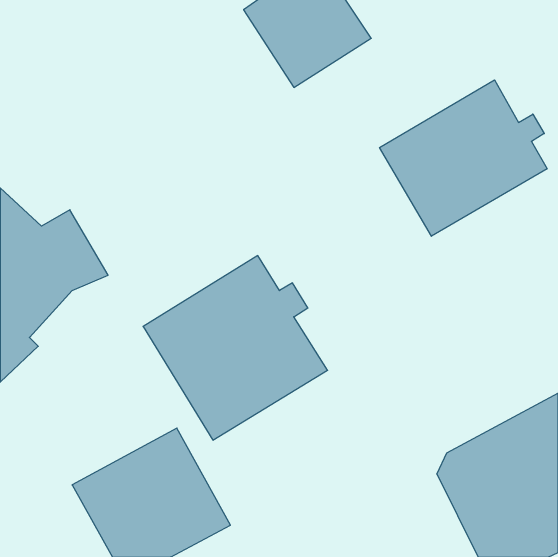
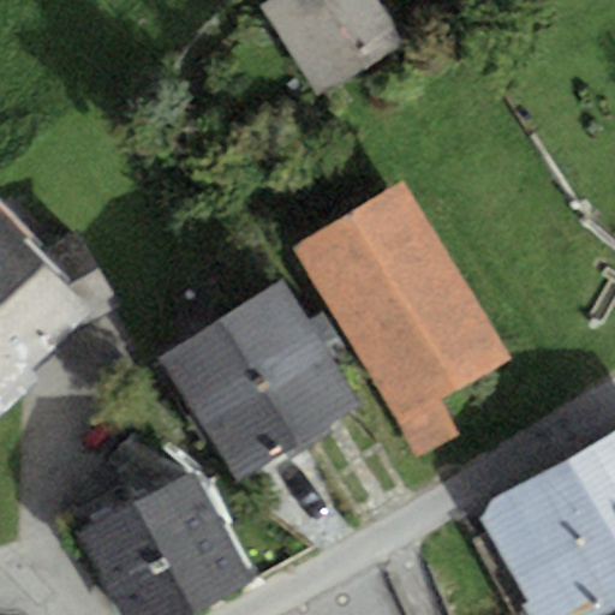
building: [380,80,547,236] -> none
building: none -> [293,178,507,455]

